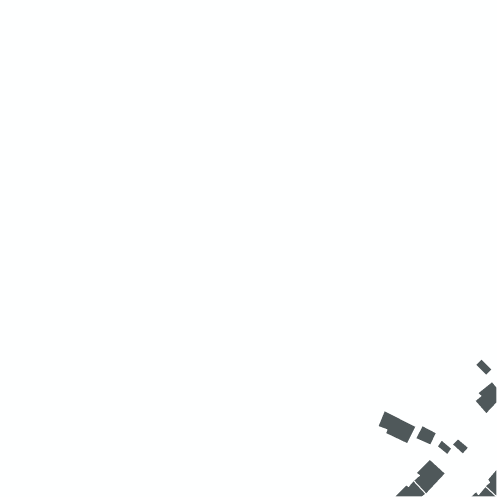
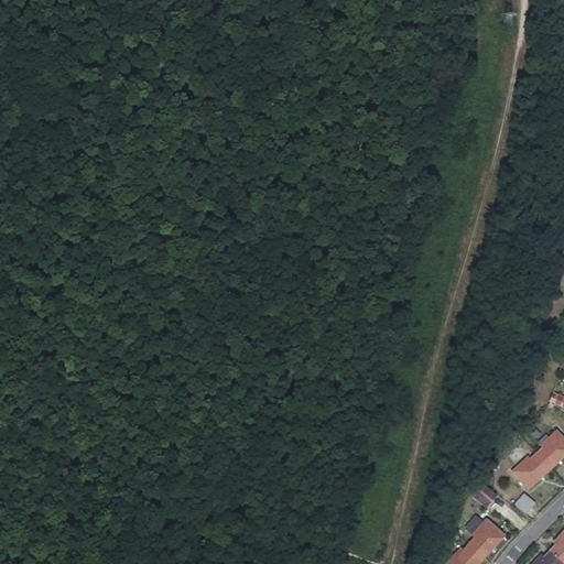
building: none -> [512,454,551,489]
building: [378,410,416,444] -> none

